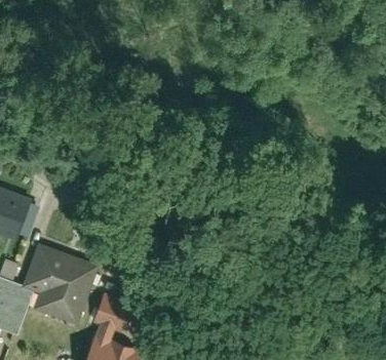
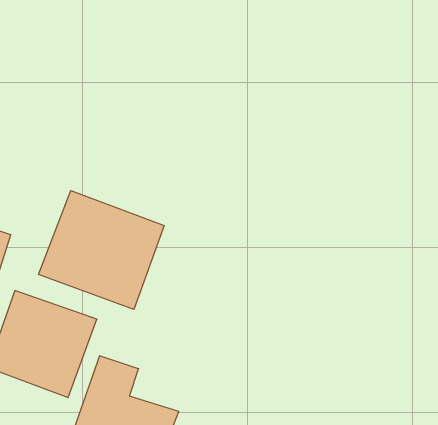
building: none -> [38,191,164,309]

